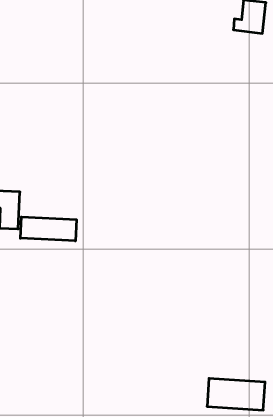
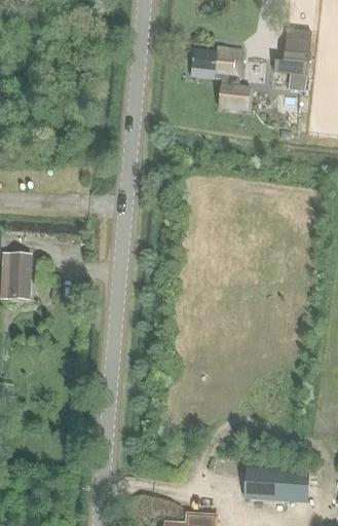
building: none -> [190,46,250,109]
building: [20,217,76,241] -> none

